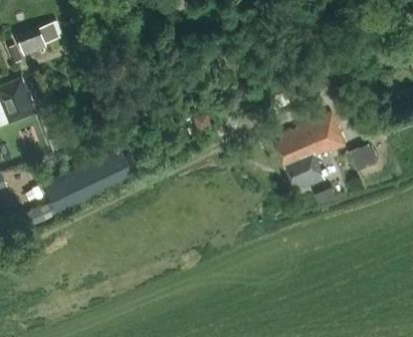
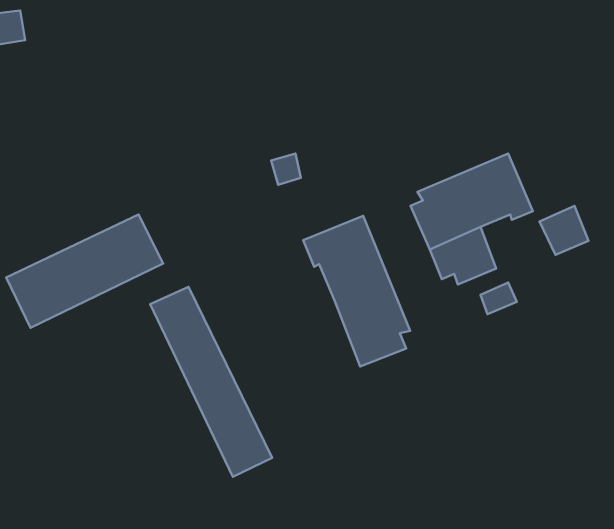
building: none -> [303,216,410,366]
building: none -> [150,287,272,477]

